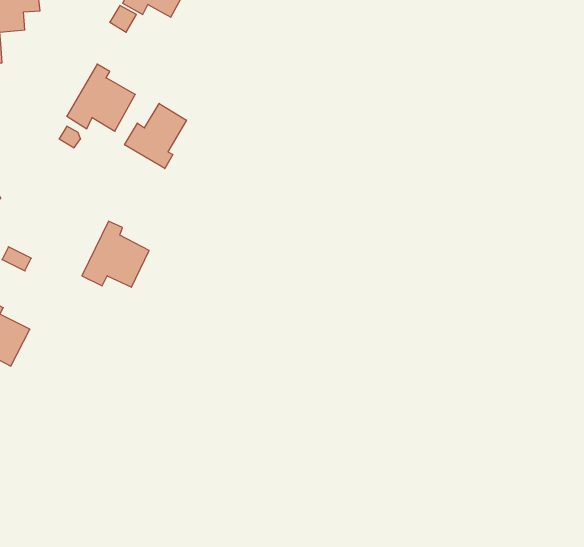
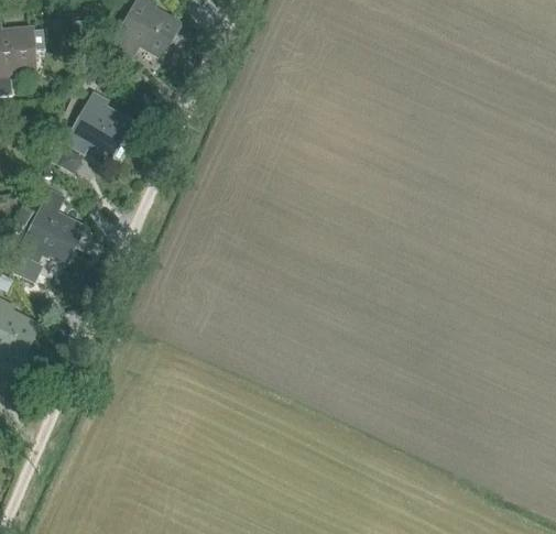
building: [125,103,186,169] -> none
building: [82,221,149,287] -> [21,200,79,258]

